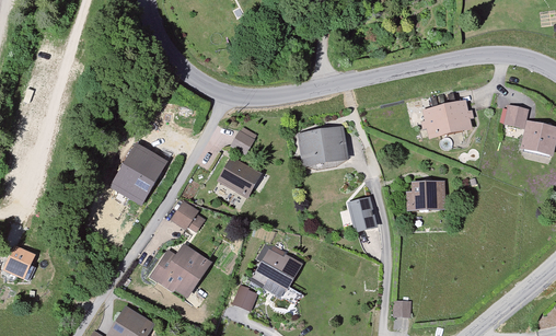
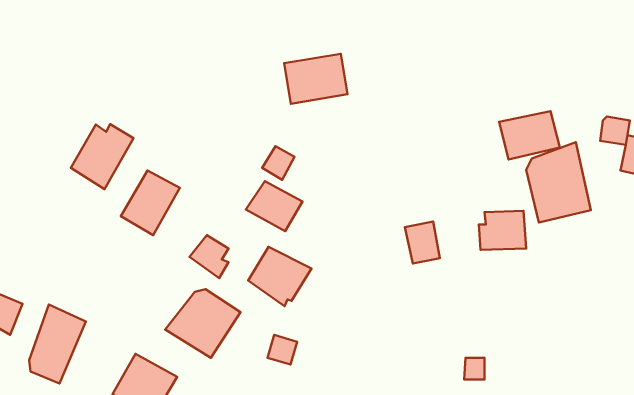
building: none -> [71,124,133,189]
building: [297,126,348,166] -> [284,54,348,104]
building: none -> [526,142,591,223]
building: [252,248,303,297] -> [248,247,312,306]
building: none -> [29,304,86,384]

